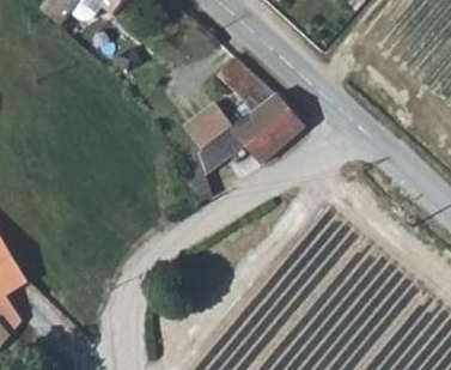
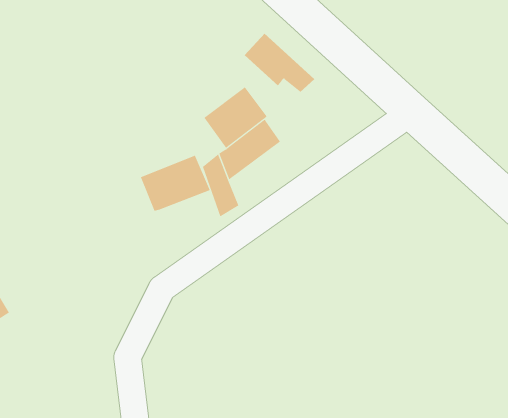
building: [233,92,304,162] -> none
building: none -> [140,155,210,212]

